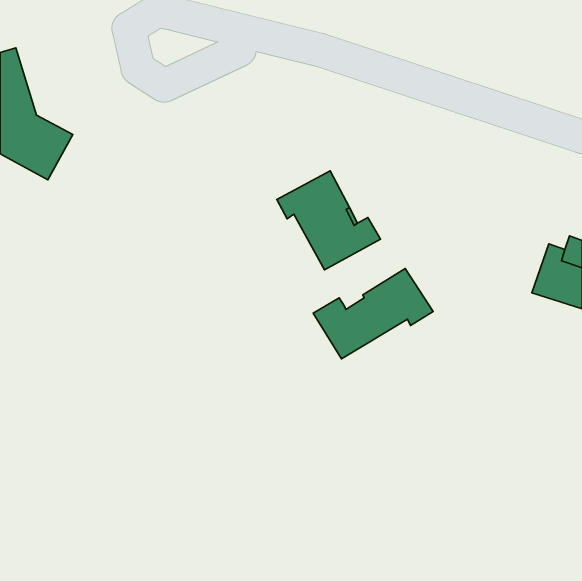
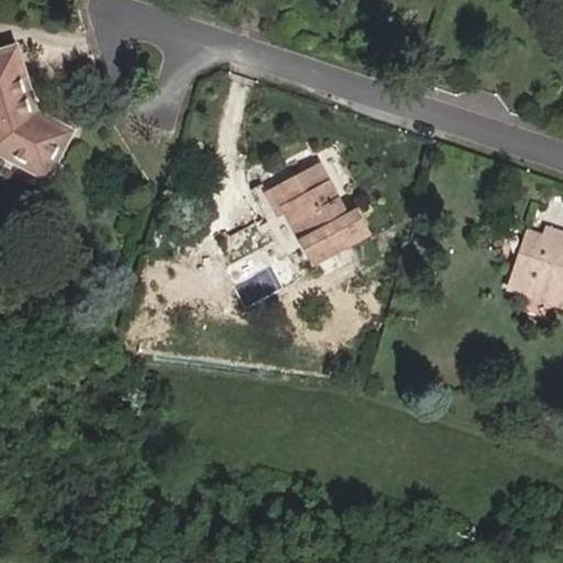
building: [313,269,433,359] -> none

